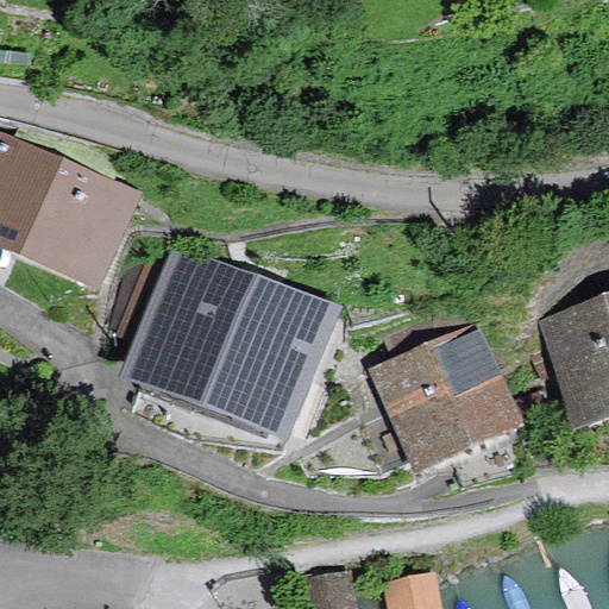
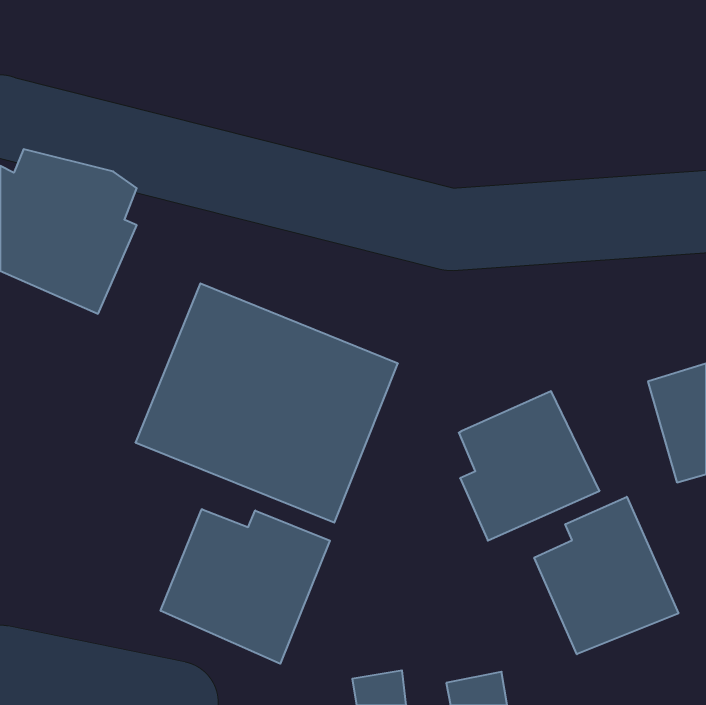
building: none -> [534,497,678,654]
building: none -> [161,509,330,664]

